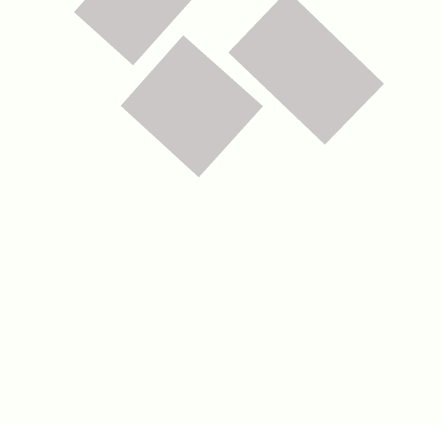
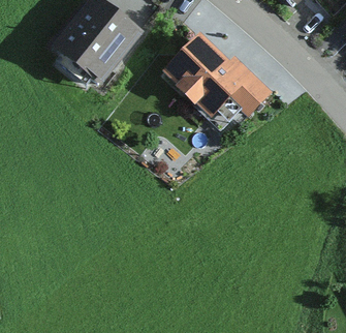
building: [120,34,264,178] -> none

